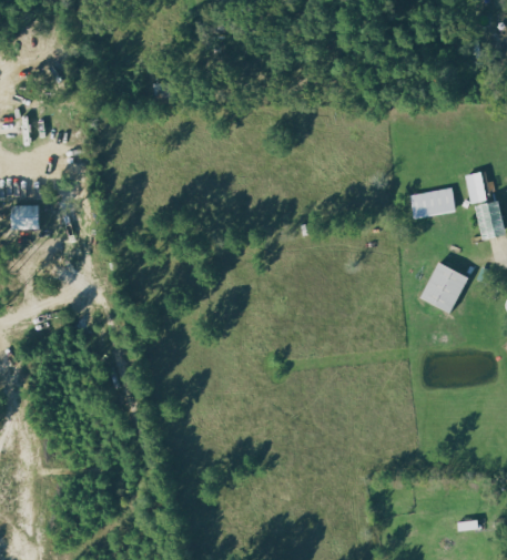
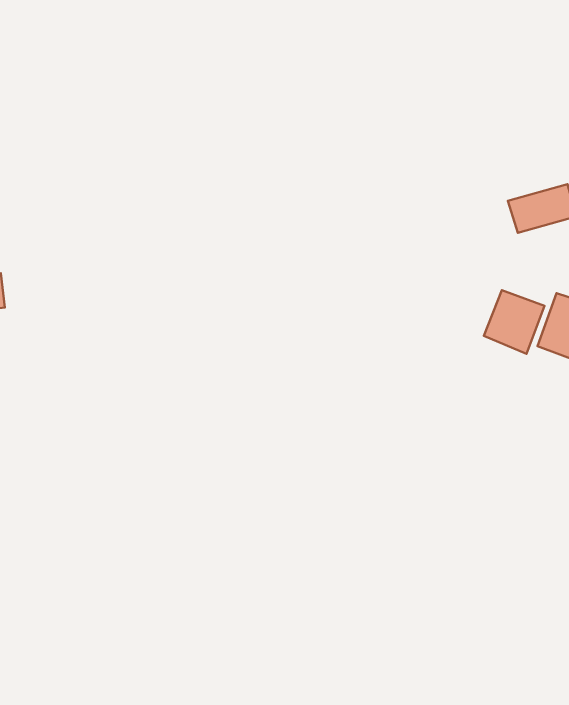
building: none -> [484,290,544,354]

